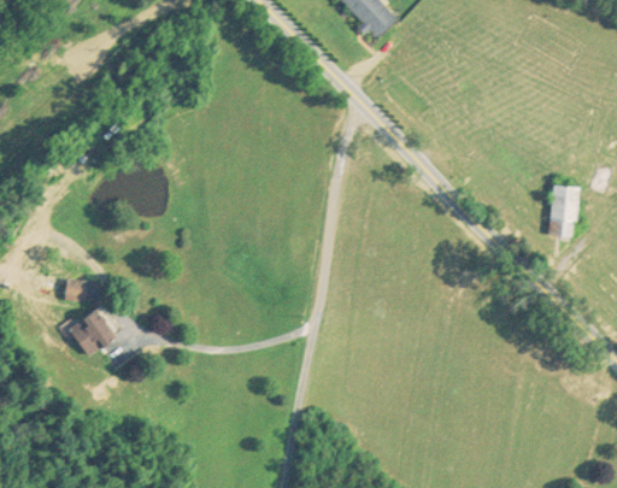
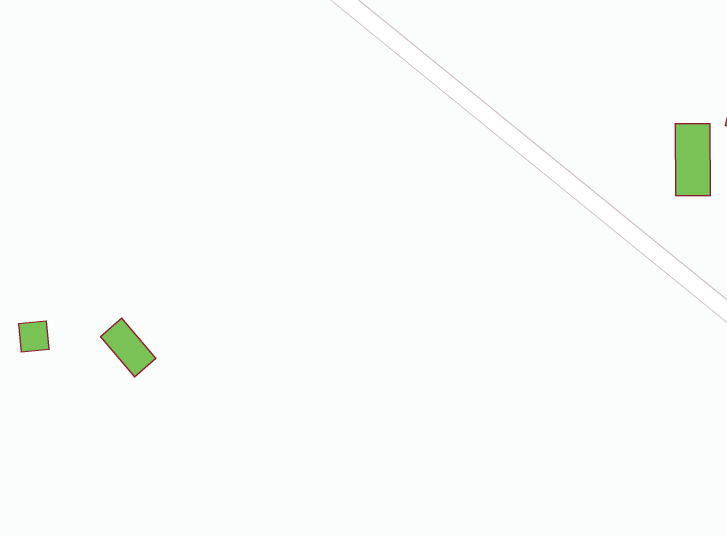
building: [77,308,116,352] -> [100,318,156,377]

